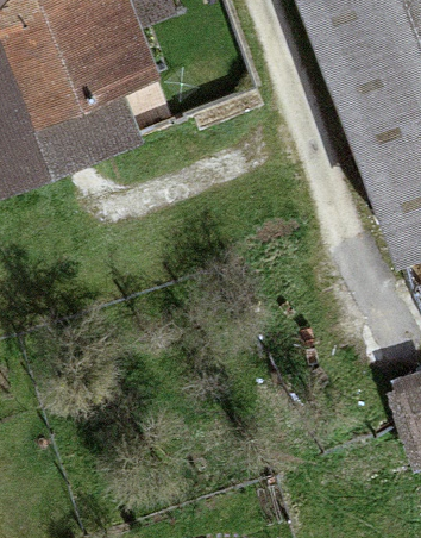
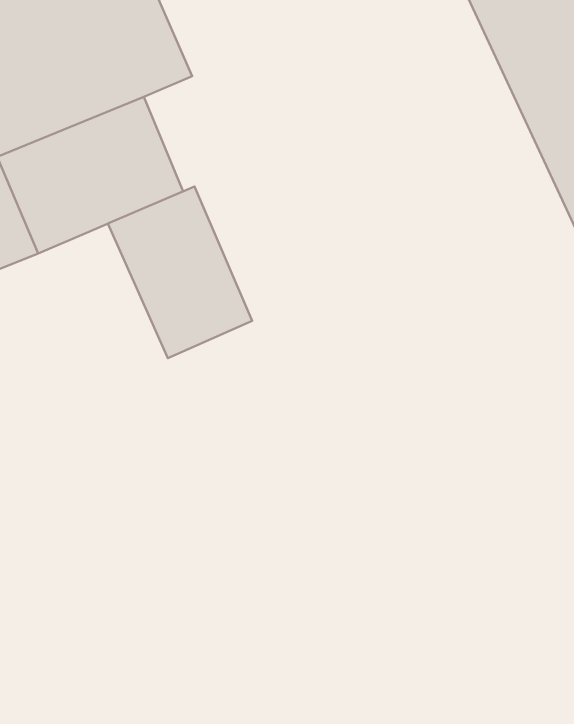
building: none -> [108,187,252,358]

